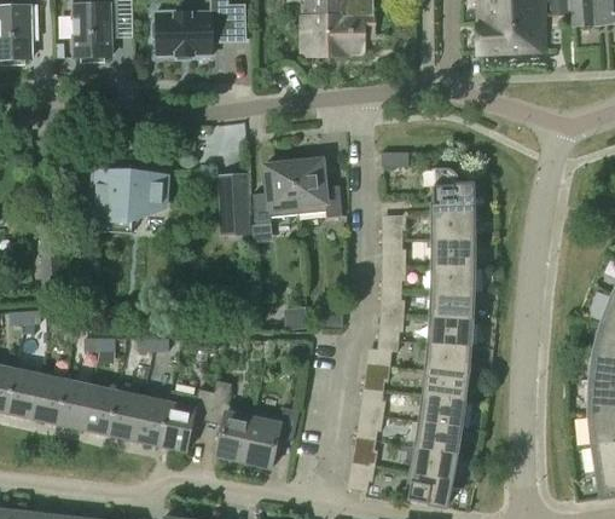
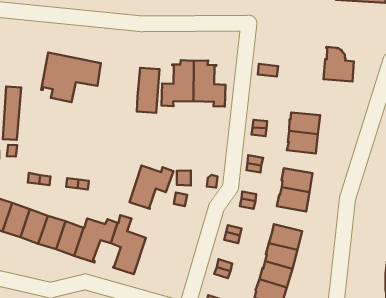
building: [433,167,474,212] -> [324,47,354,82]
building: [433,264,474,292] -> none
building: [428,342,470,373] -> none
building: [244,405,300,465] -> [129,166,174,209]

